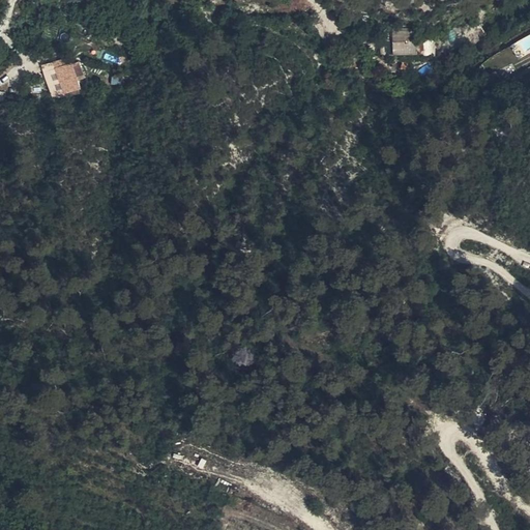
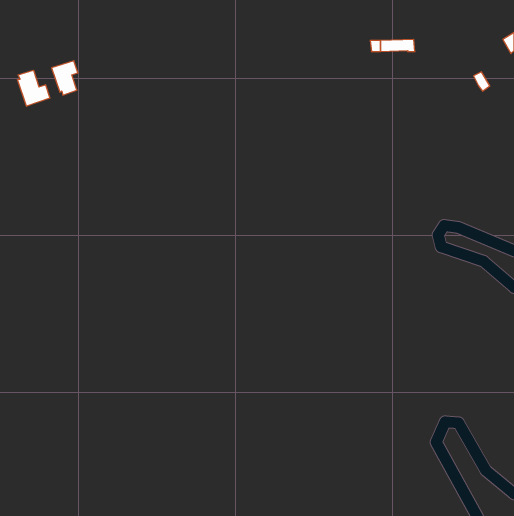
building: none -> [18,70,50,106]

